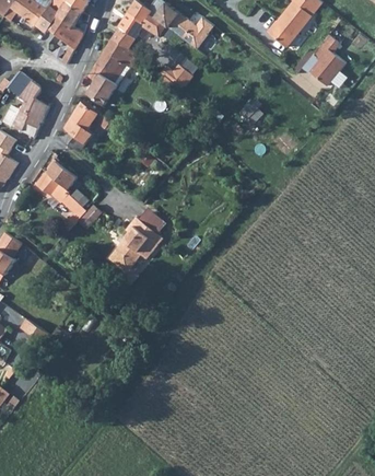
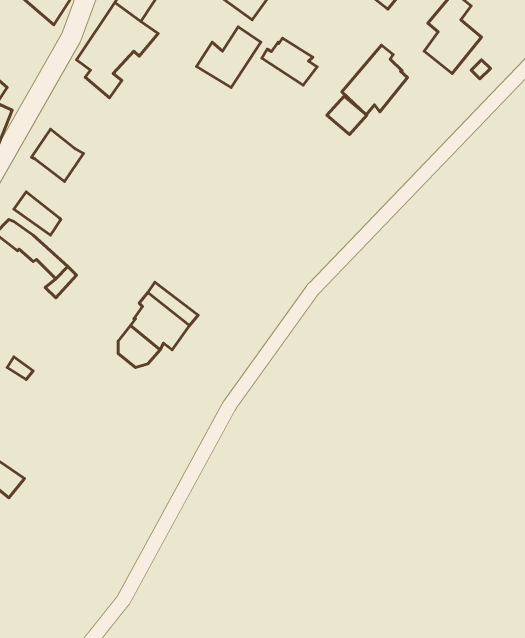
building: none -> [262,38,317,85]
building: none -> [342,45,408,115]
building: [70,101,109,130] -> none

